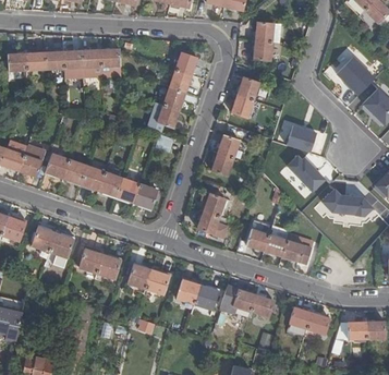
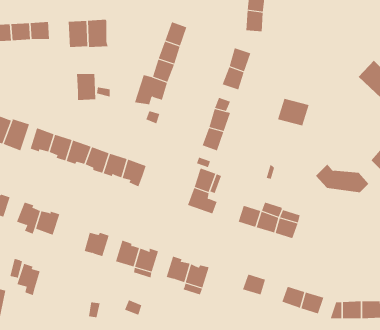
building: [328,48,374,93] -> none
building: [63,50,83,76] -> [76,74,96,101]
building: [285,153,324,191] -> none
building: [80,246,102,278] -> [17,263,40,296]
building: [220,285,256,316] -> none

